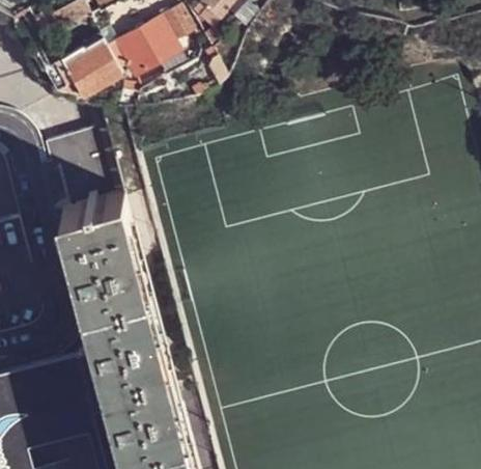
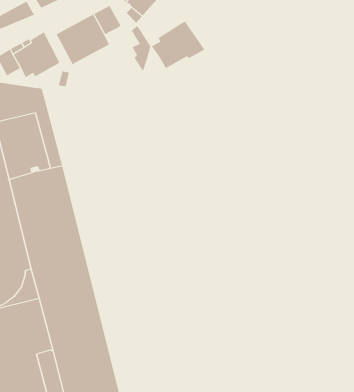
building: none -> [151,21,205,69]

